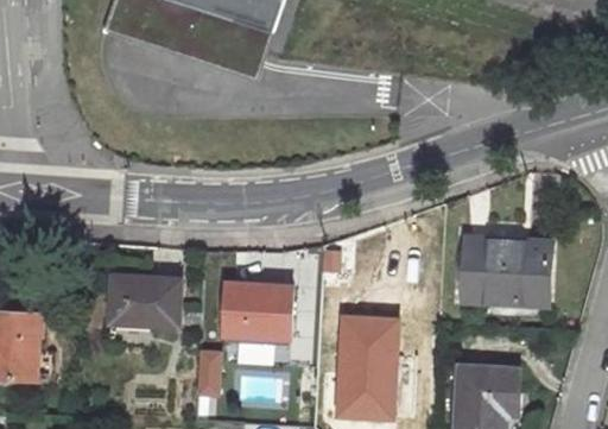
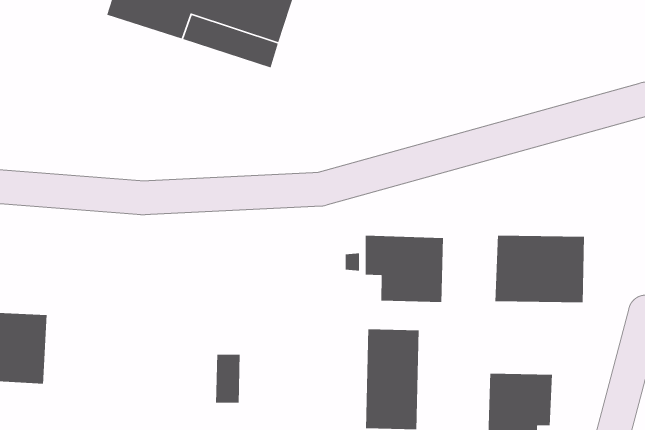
building: none -> [365,235,444,303]
building: [107,271,176,321] -> none
building: [226,286,291,340] -> none

